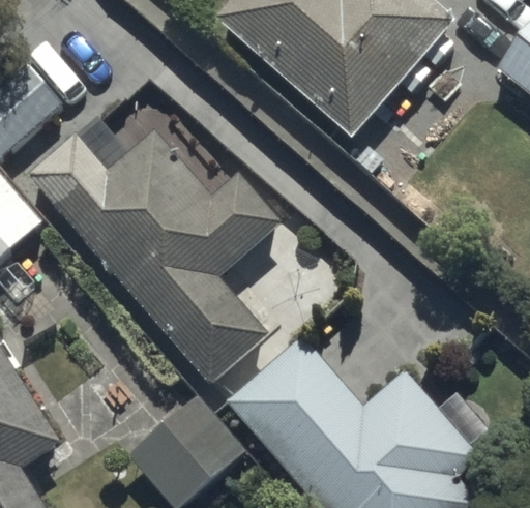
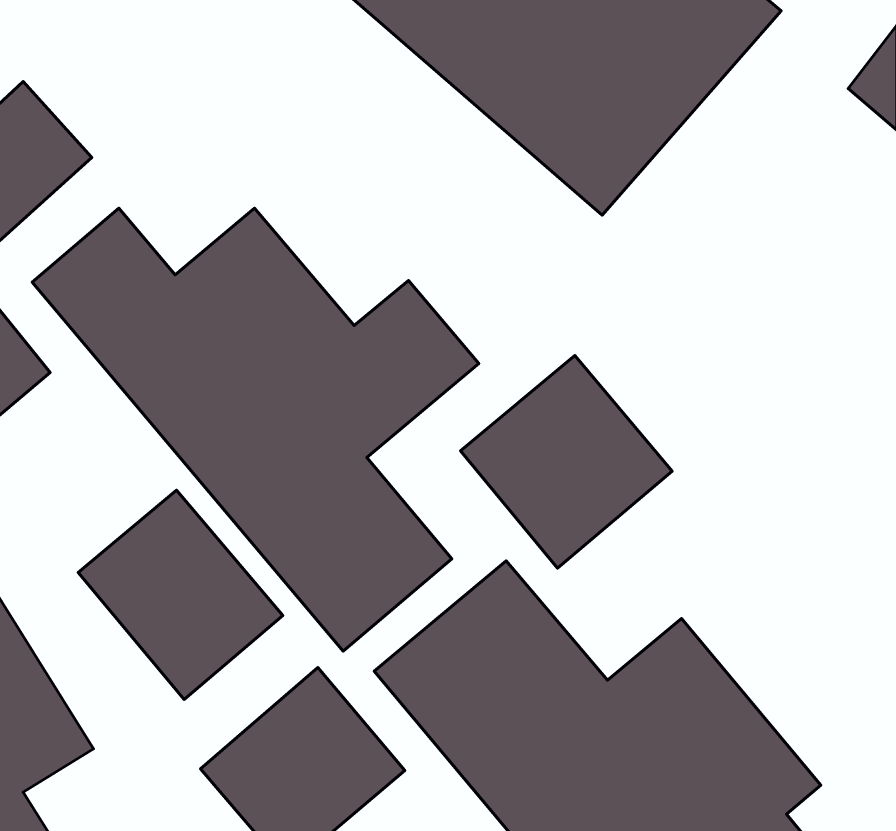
building: none -> [461,356,672,568]
building: none -> [78,490,283,699]

